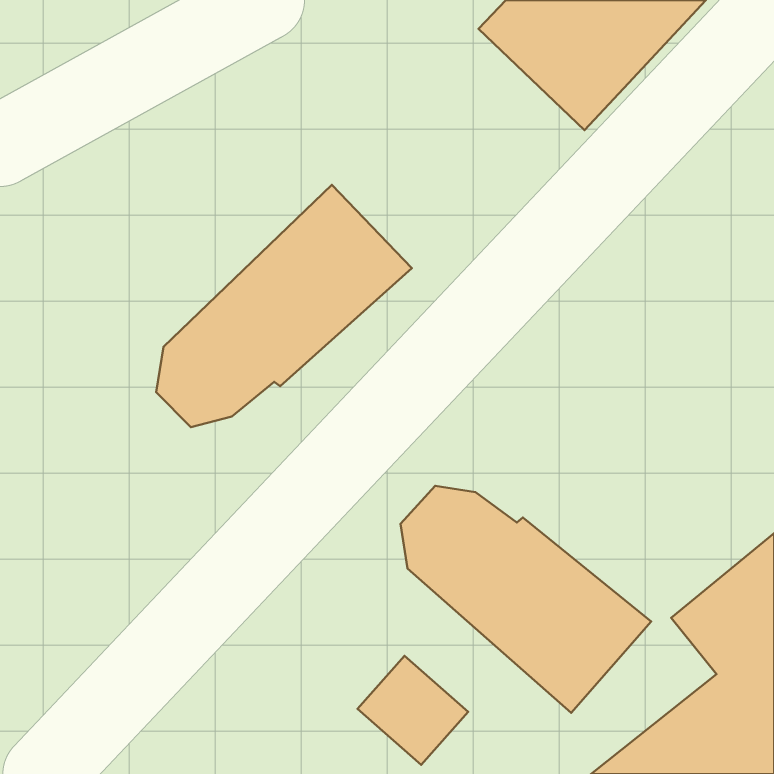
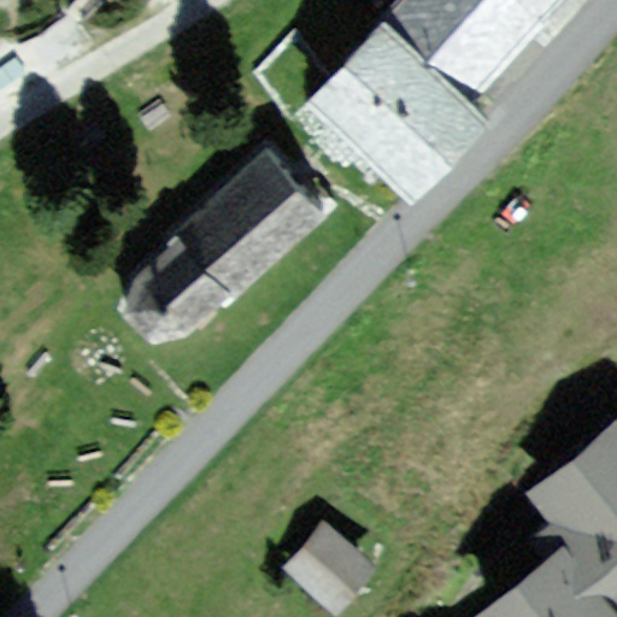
building: none -> [308,23,480,193]
building: [400,486,651,713] -> none

